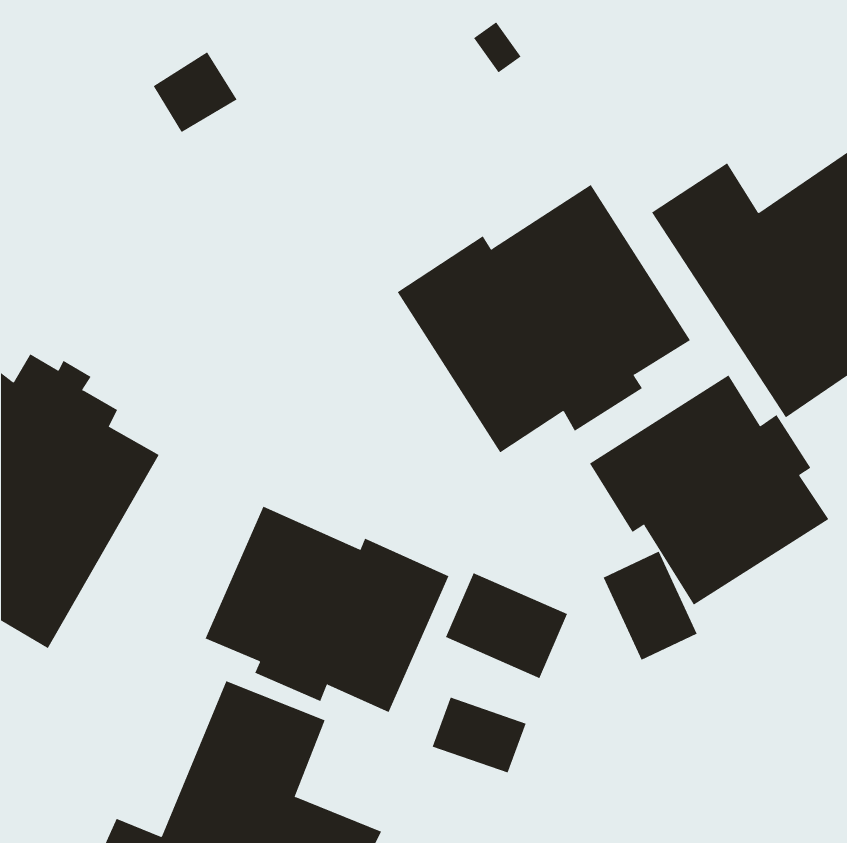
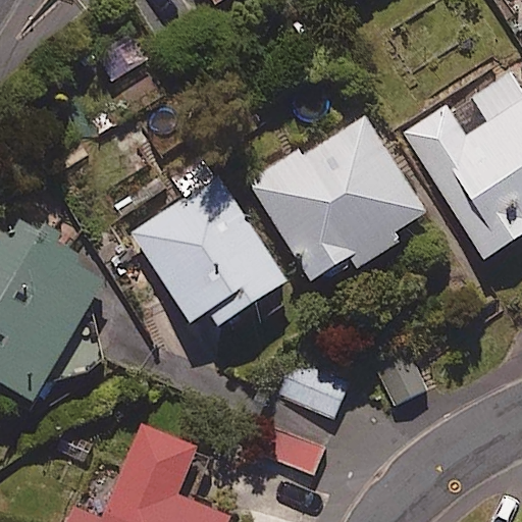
building: none -> [132,161,286,326]
building: [589,374,829,605] -> none
building: [205,506,449,713] -> none

